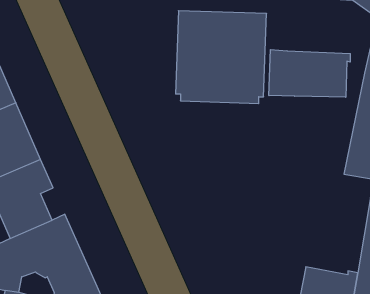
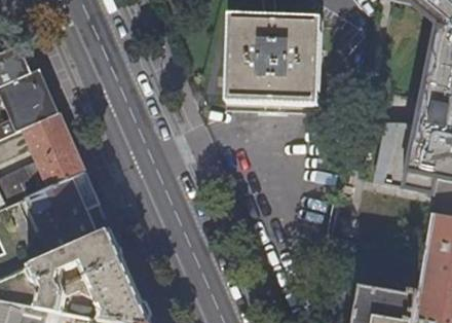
building: [269,50,350,97] -> none

